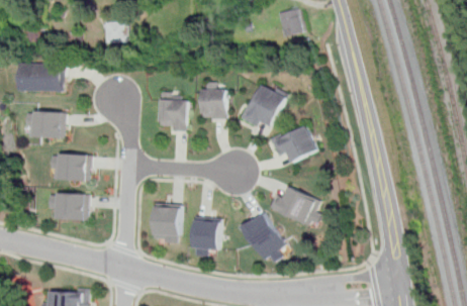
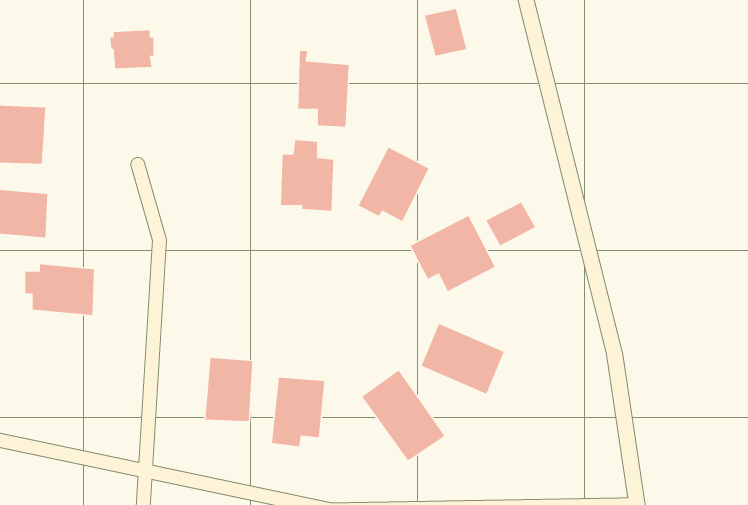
building: [157,93,186,136] -> [297,50,350,128]
building: none -> [485,201,536,246]
building: [50,191,88,220] -> none

